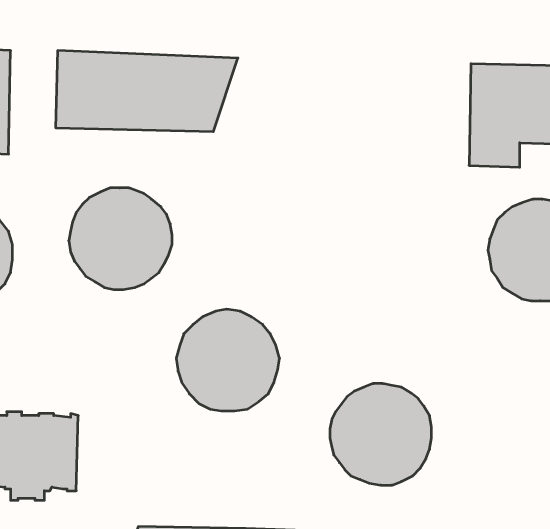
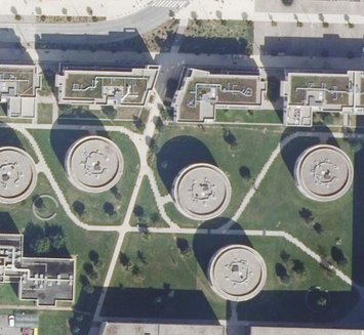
building: none -> [168,65,274,120]
building: [176,309,280,411] -> [173,159,230,214]

